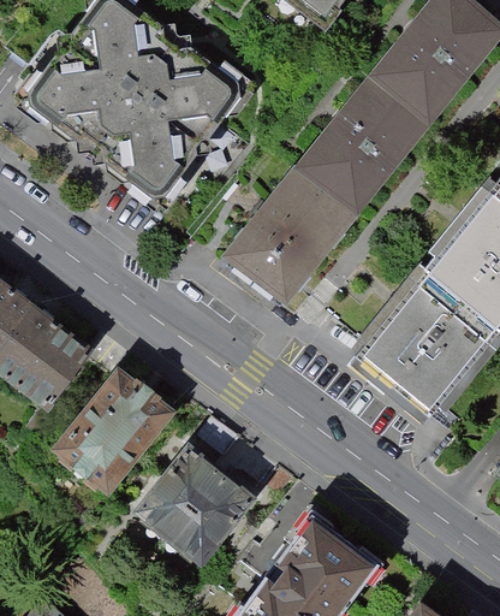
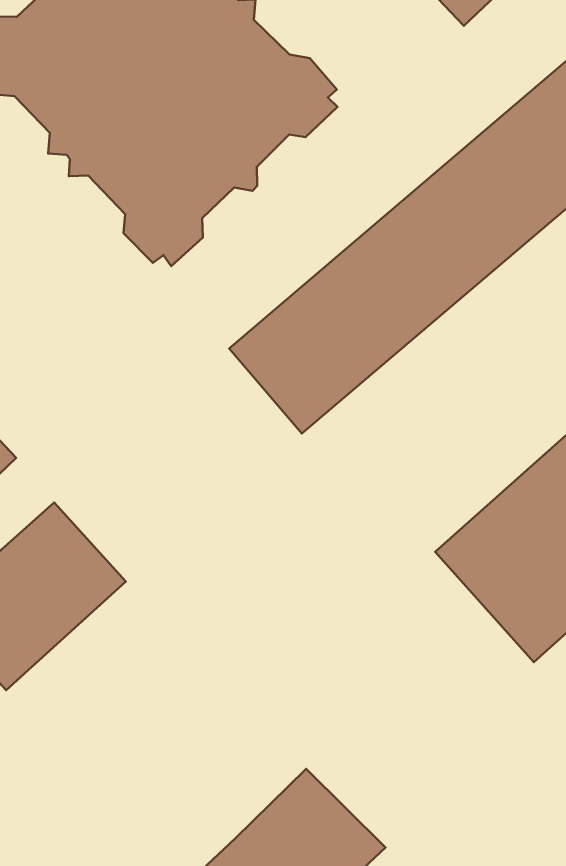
building: [138,445,254,561] -> none

